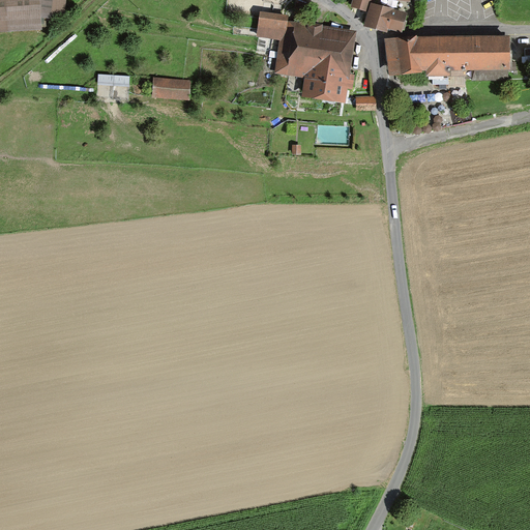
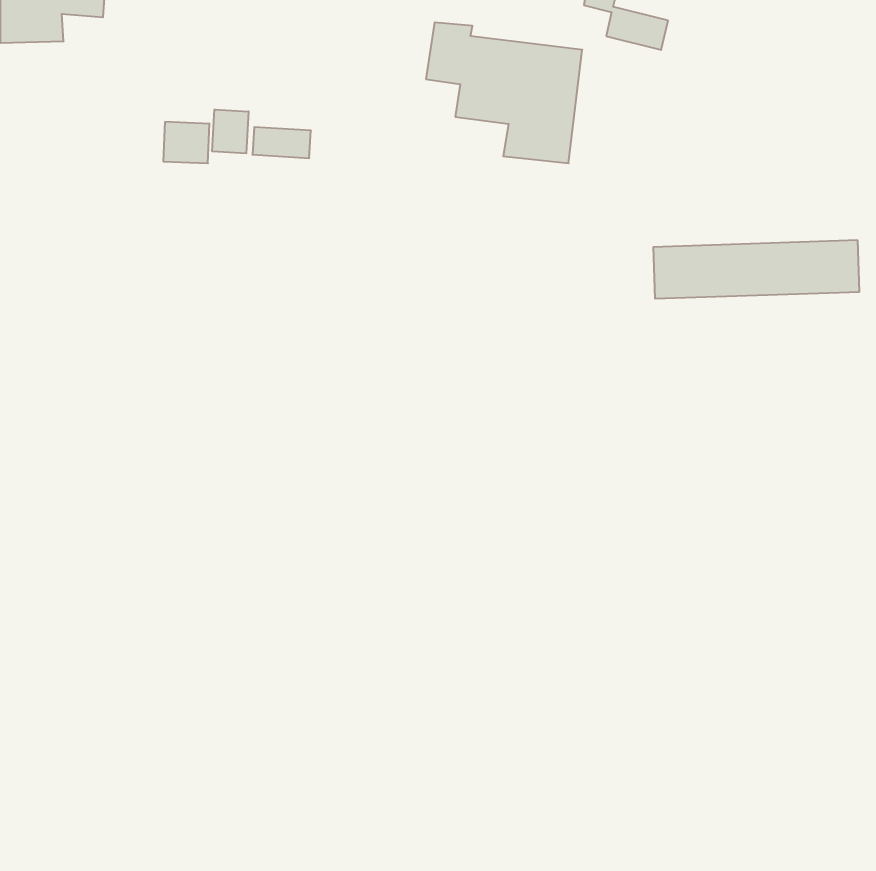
building: [386,37,510,72] -> [653,240,859,299]
building: none -> [212,109,249,153]

